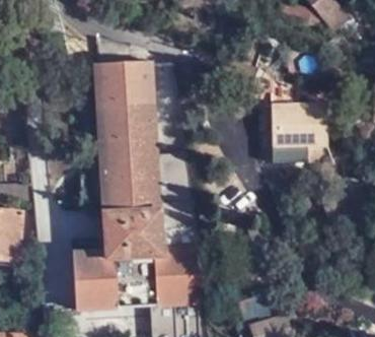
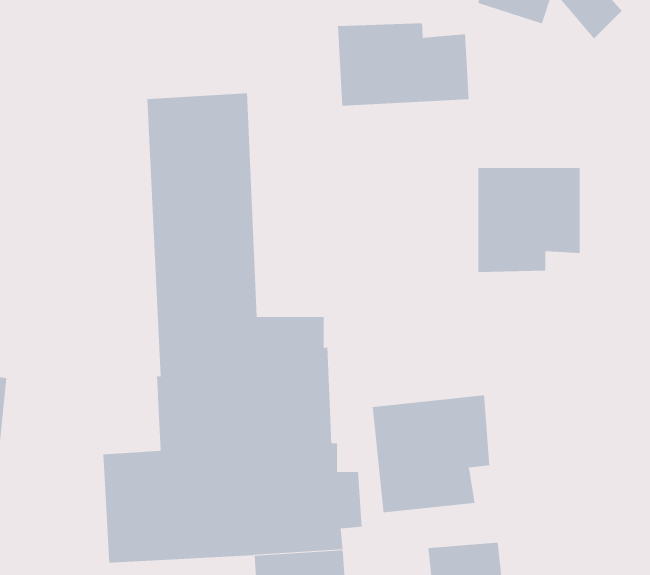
building: none -> [338,22,469,107]
building: none -> [372,395,490,513]

